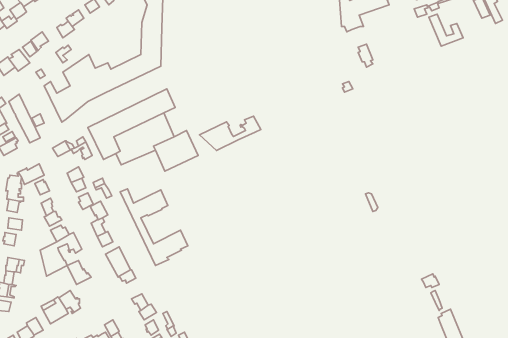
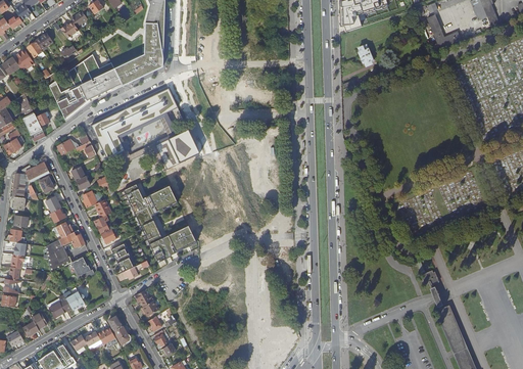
building: [200,116,261,150] -> none

